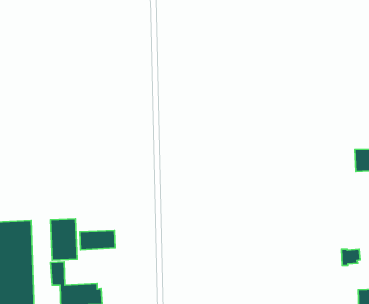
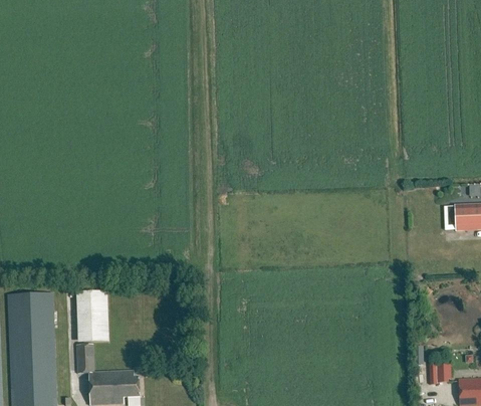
building: [80,231,115,250] -> none
building: [342,249,360,265] -> [429,364,452,384]

